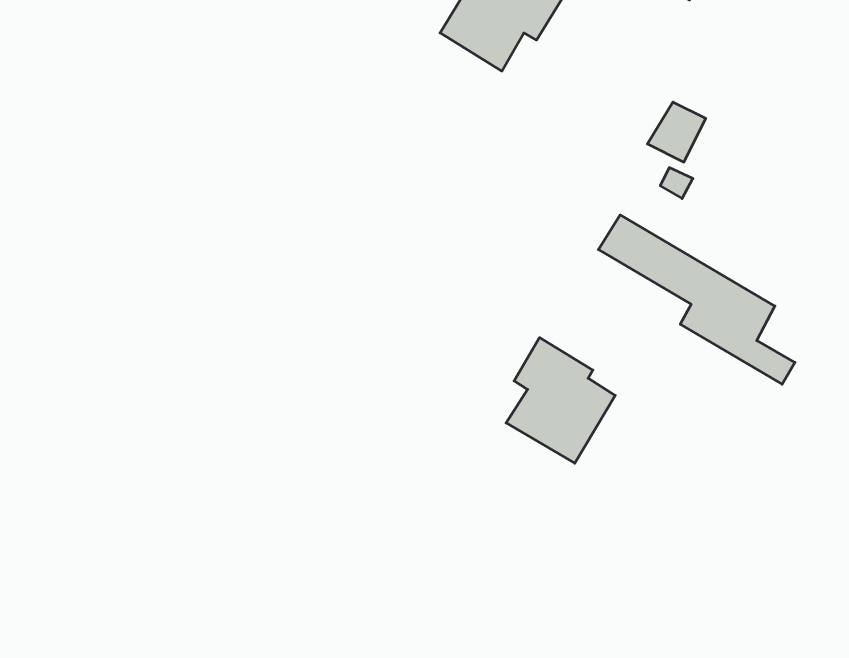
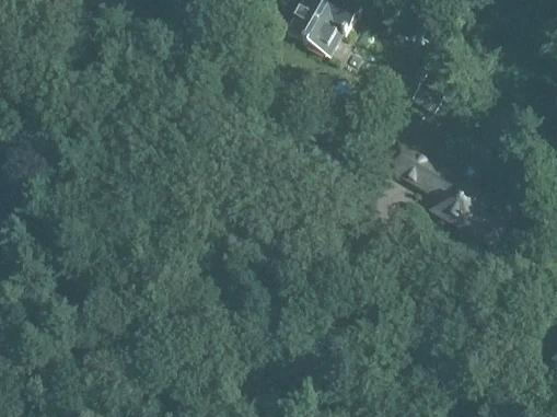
building: [506,338,615,463] -> none

